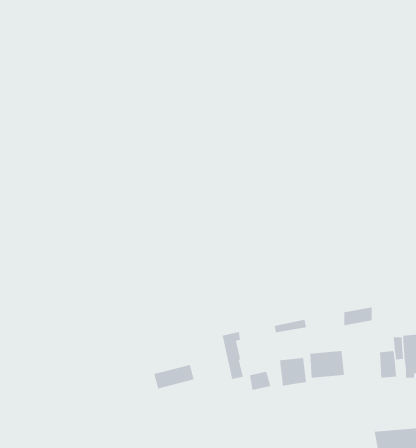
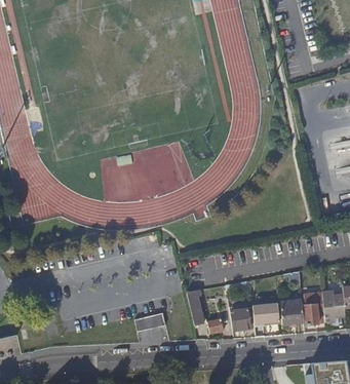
building: none -> [282,299,306,323]

